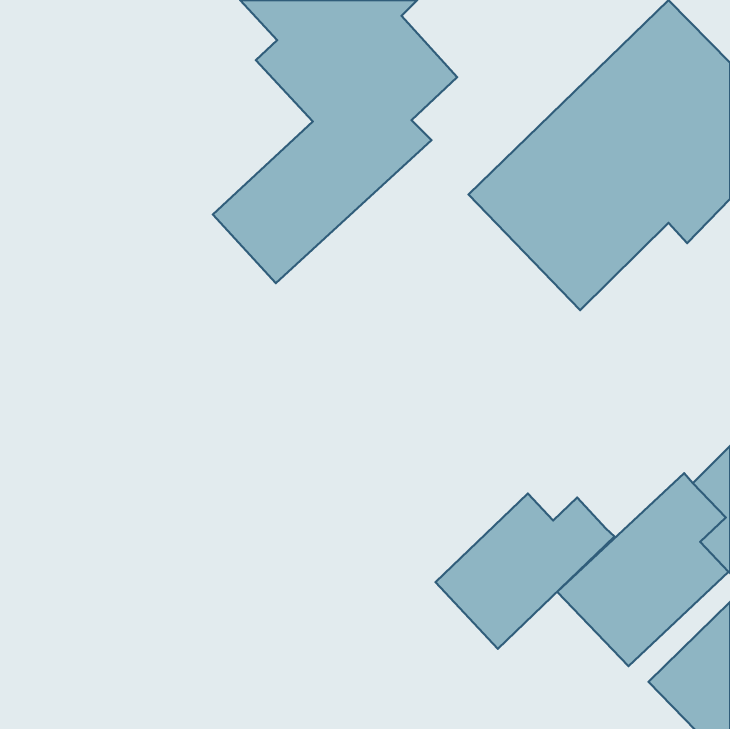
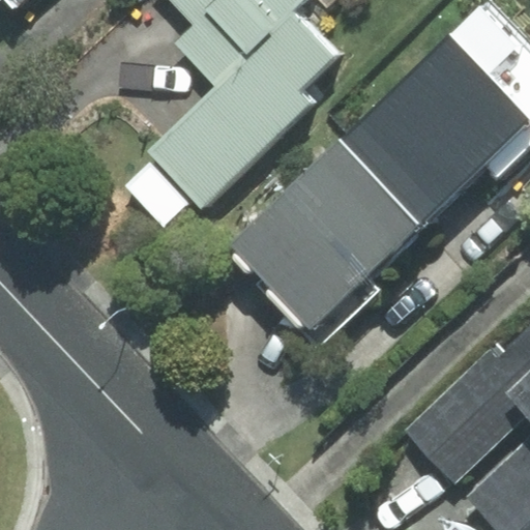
building: none -> [228,142,420,345]
building: [435,494,614,649] -> none

